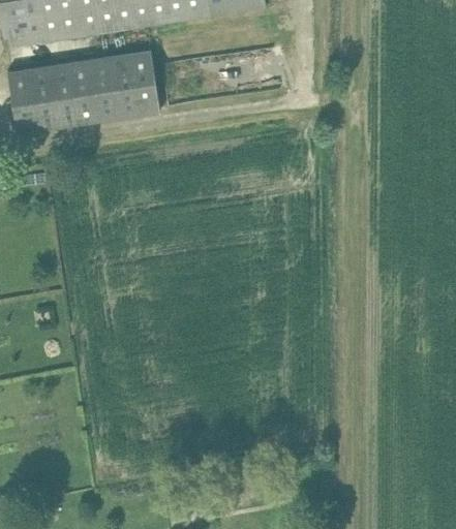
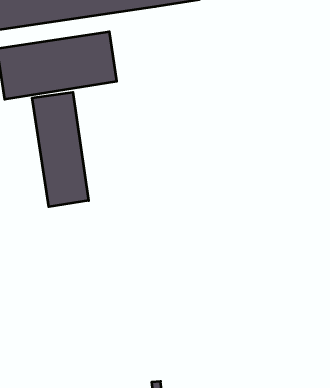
building: none -> [32,92,89,207]

